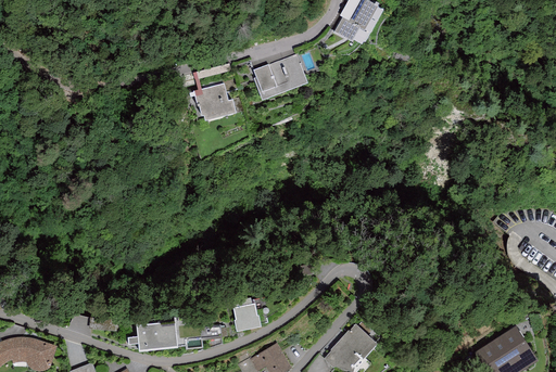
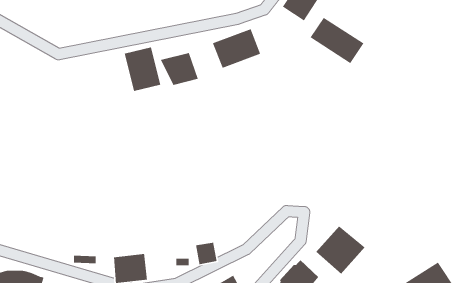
building: none -> [310,17,364,64]
building: none -> [124,47,161,92]
building: none -> [315,226,366,275]

